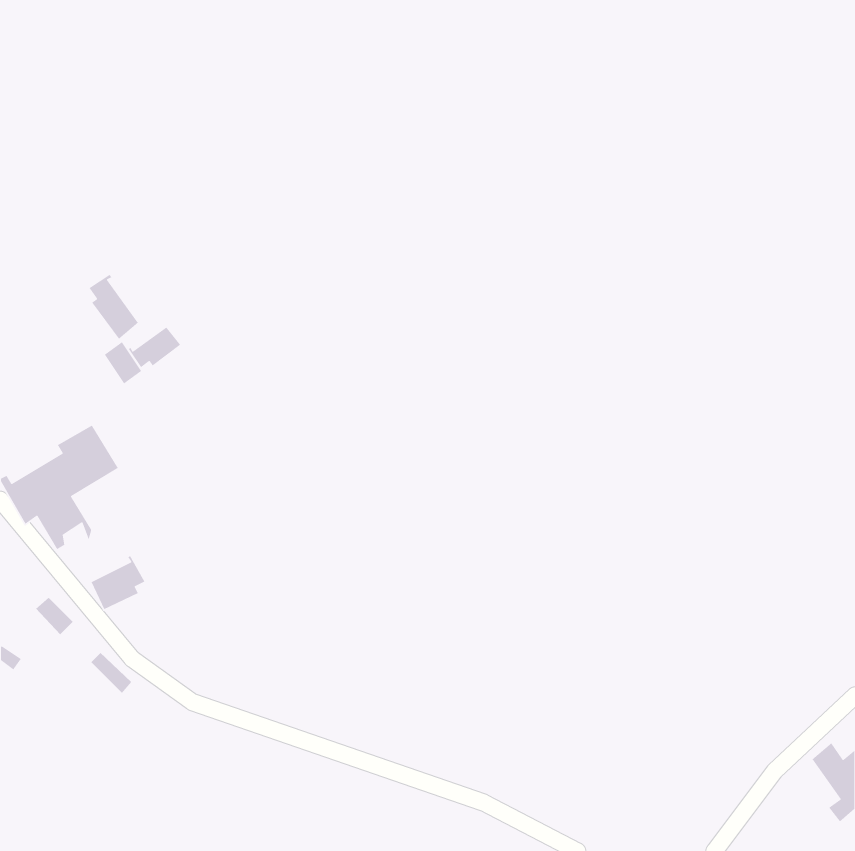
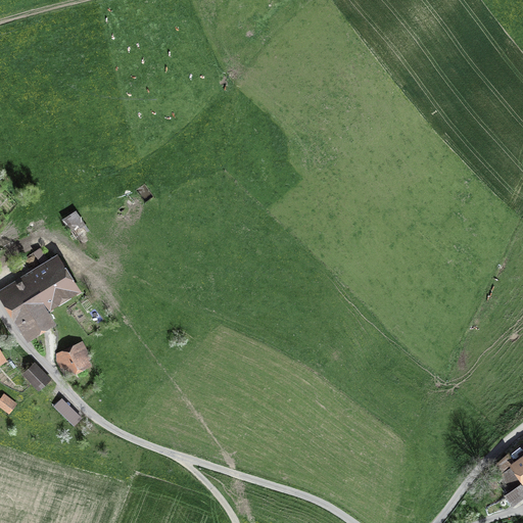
building: [88,274,139,340] -> none
building: [128,326,181,368] -> none

